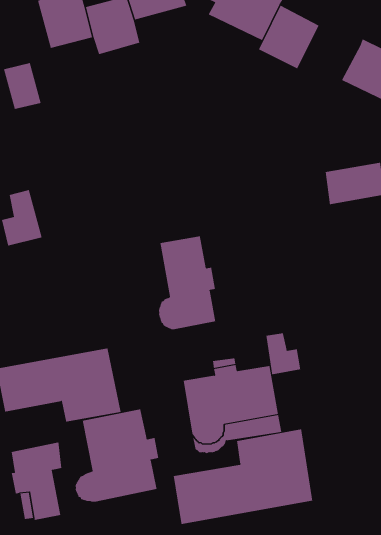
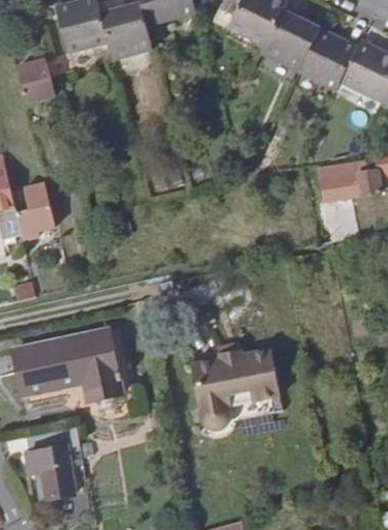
building: none -> [297,28,356,88]
building: [158,235,216,330] -> none
building: [266,332,301,375] -> none
building: [75,408,159,502] -> none
building: [173,428,313,525] -> none

